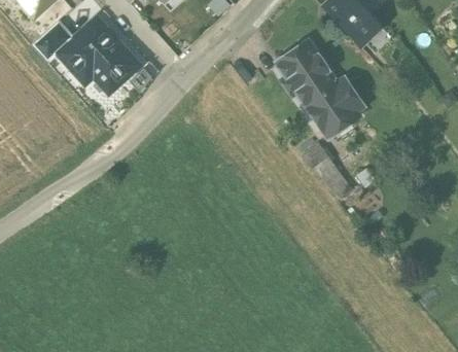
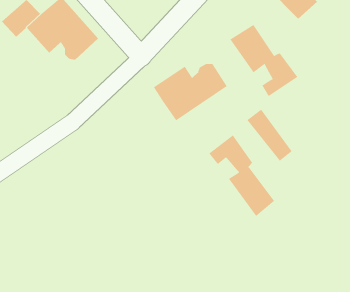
building: none -> [154,63,228,121]
building: none -> [208,134,275,217]

